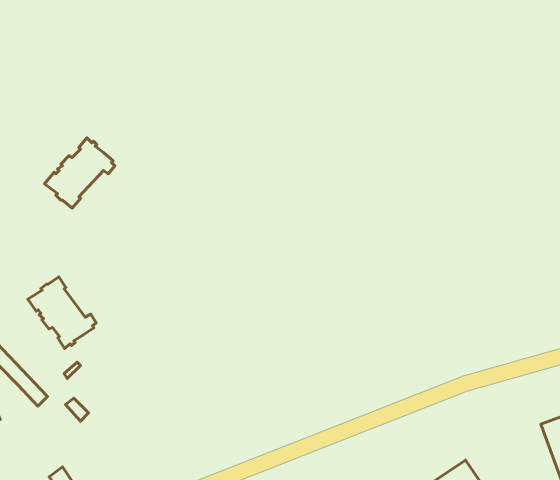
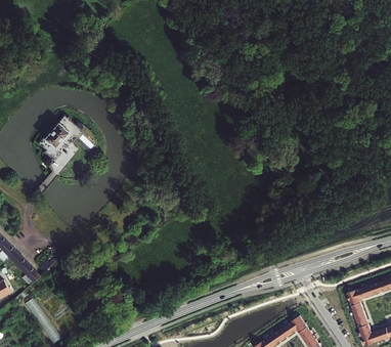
building: [28,277,96,348] -> none

